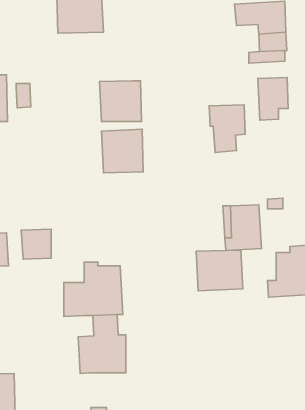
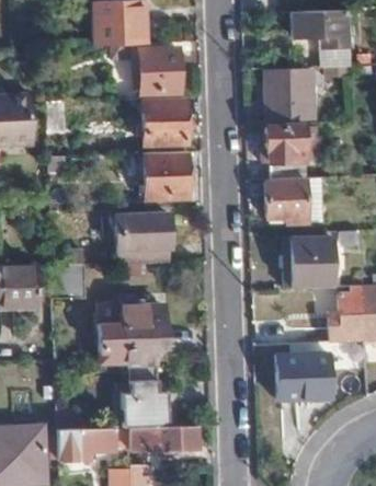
building: none -> [139,49,179,99]
building: [258,78,288,120] -> [270,71,304,119]
building: none -> [267,180,310,218]
building: none -> [116,217,163,265]
building: [196,250,243,291] -> [278,354,331,400]
building: none -> [130,426,196,451]
building: none -> [59,430,118,462]

